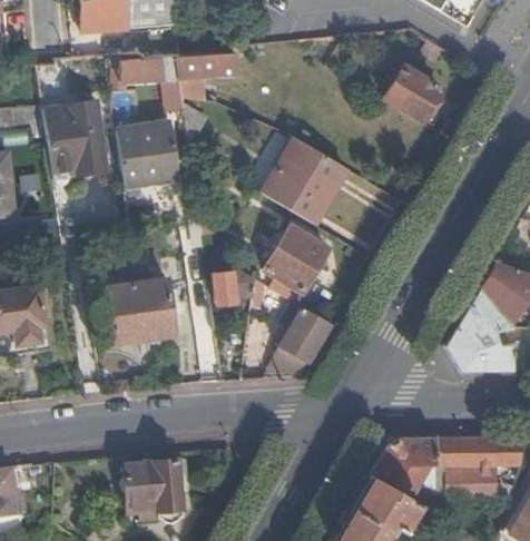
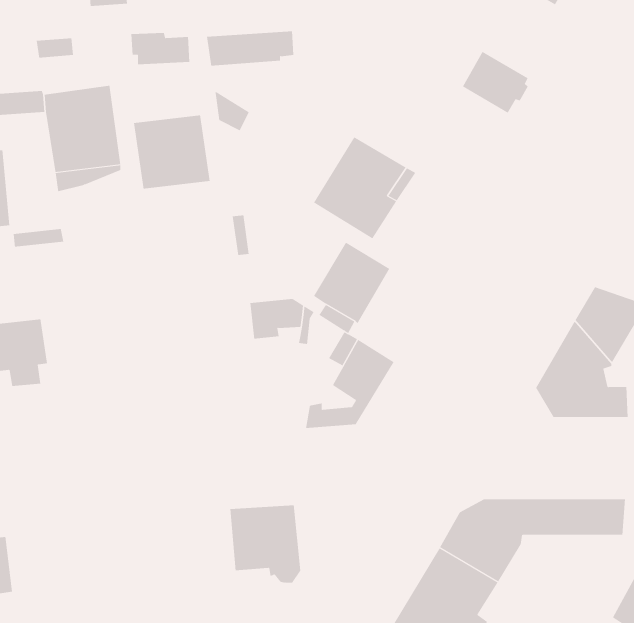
building: [106,265,175,342] -> none
building: [126,461,185,525] -> [229,505,301,583]
building: [444,468,498,500] -> none

